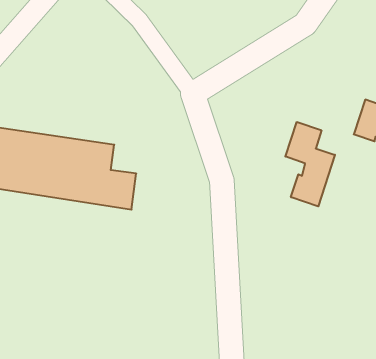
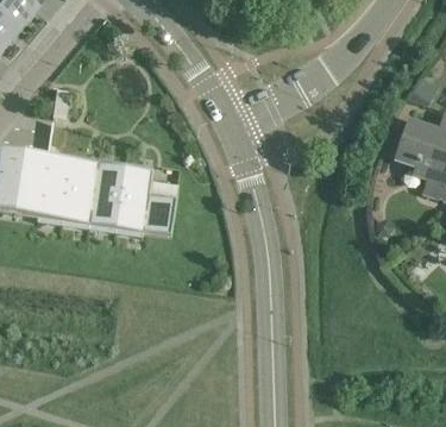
building: [285,122,335,206] -> none

